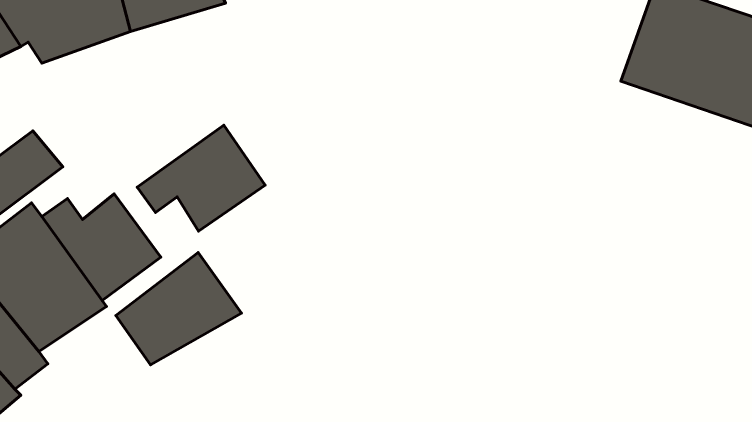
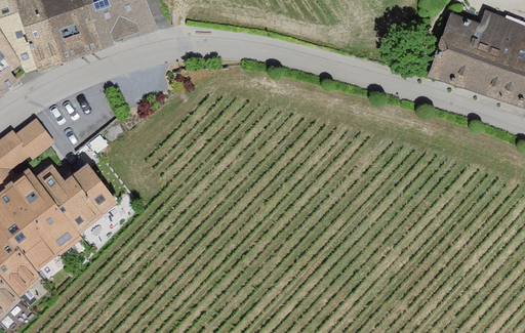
building: [137,125,265,231] -> none
building: [116,252,241,365] -> none

